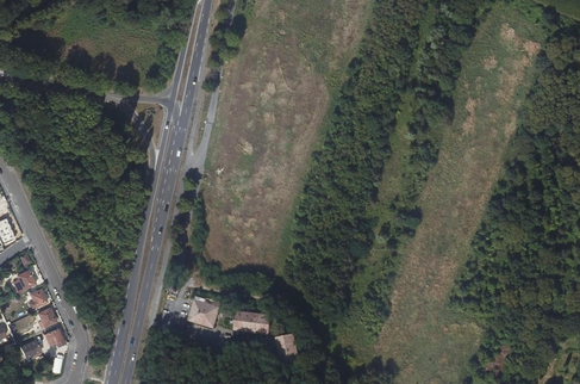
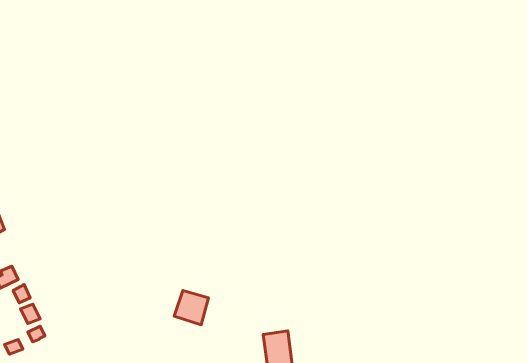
building: [233,309,270,333] -> none

